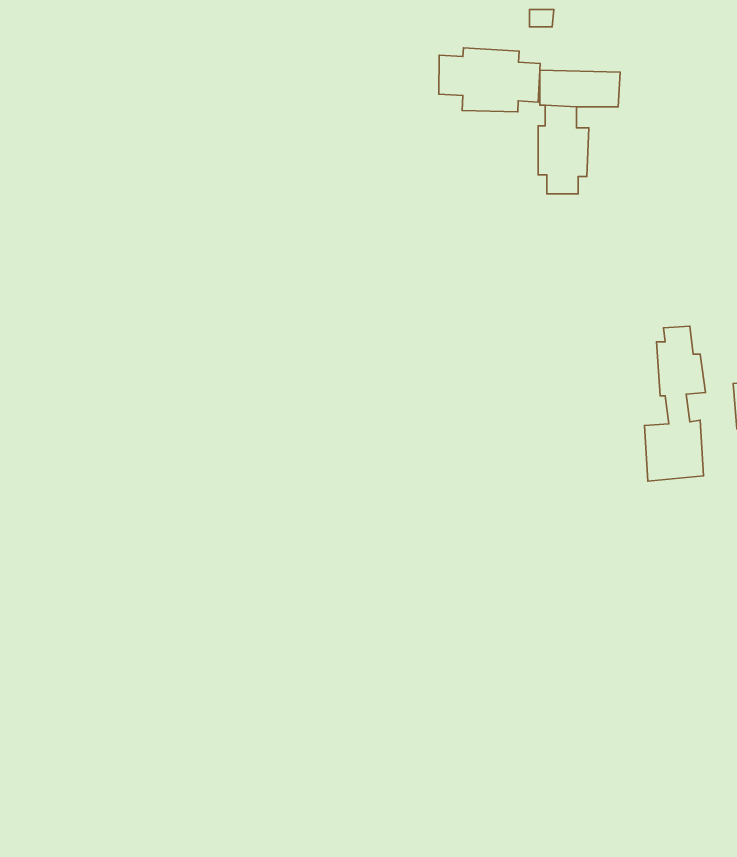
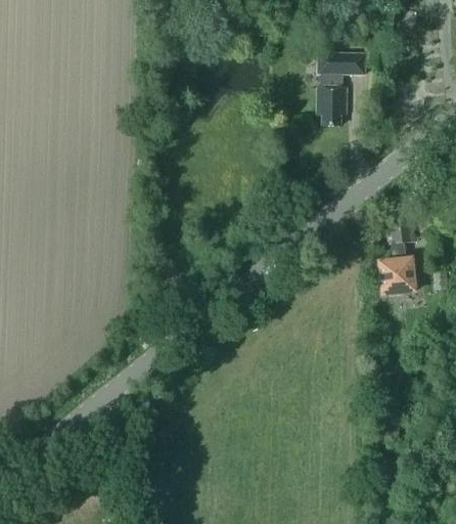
building: [439,48,540,112] -> none

